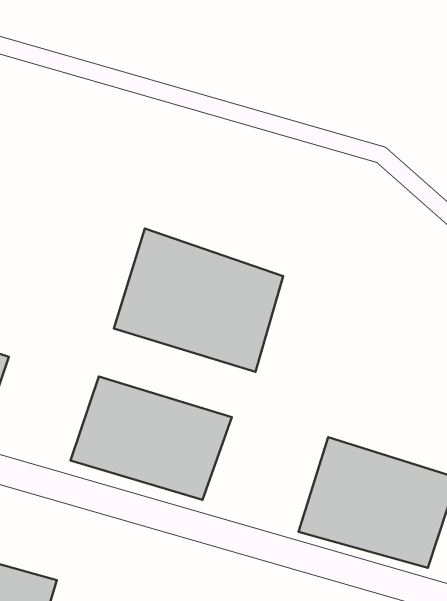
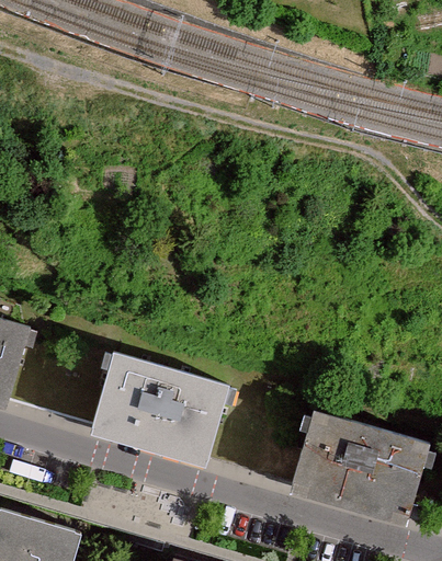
building: [114,228,283,372] -> none

